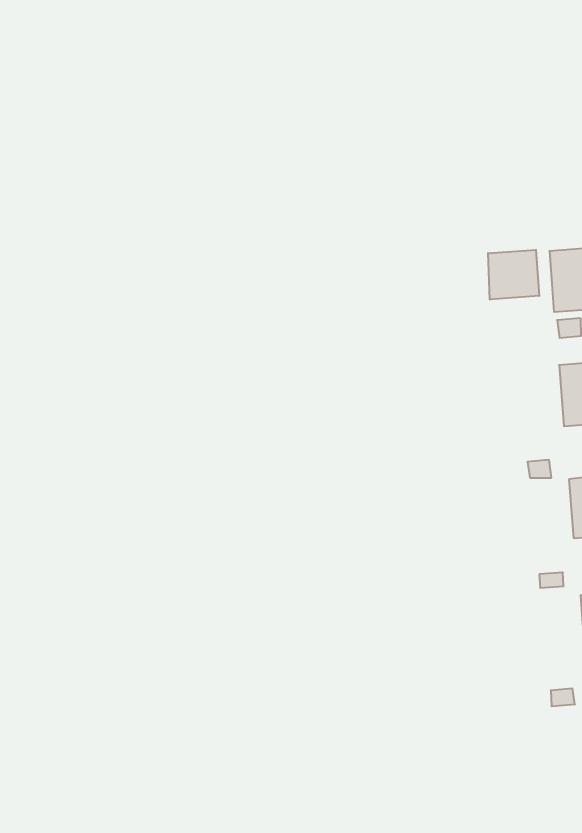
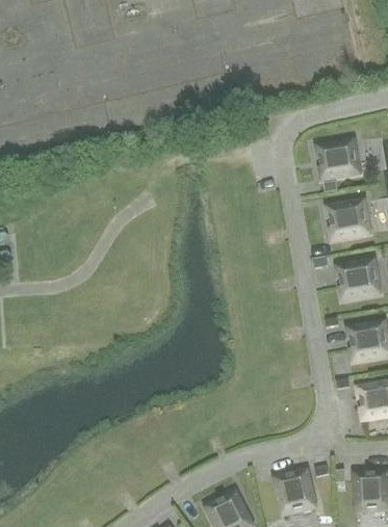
building: [488,250,539,300] -> none

